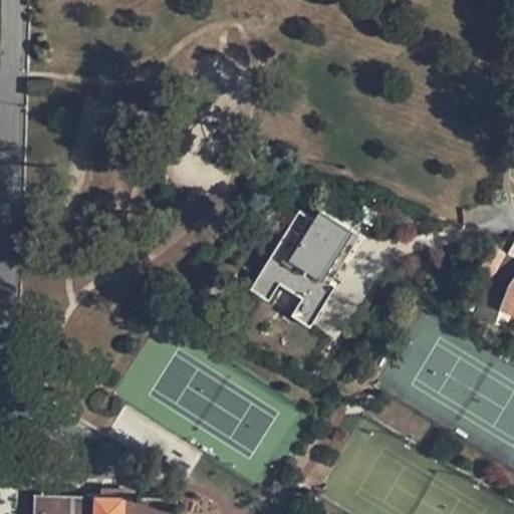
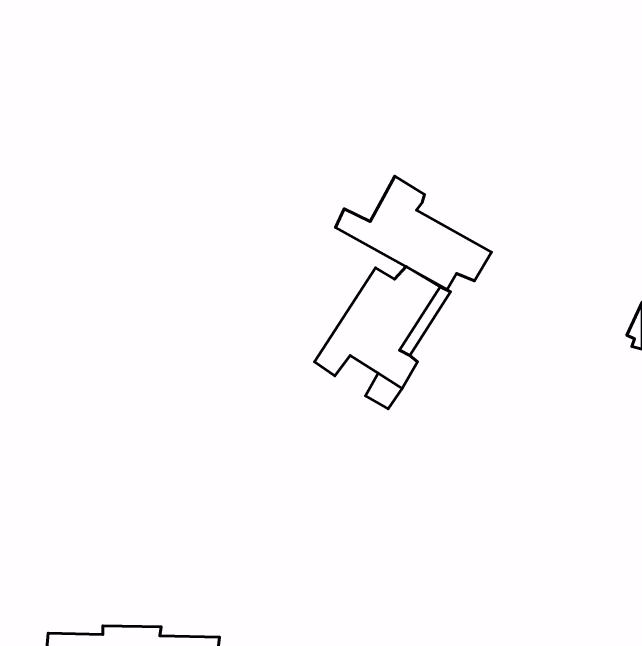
building: none -> [335,176,492,289]

